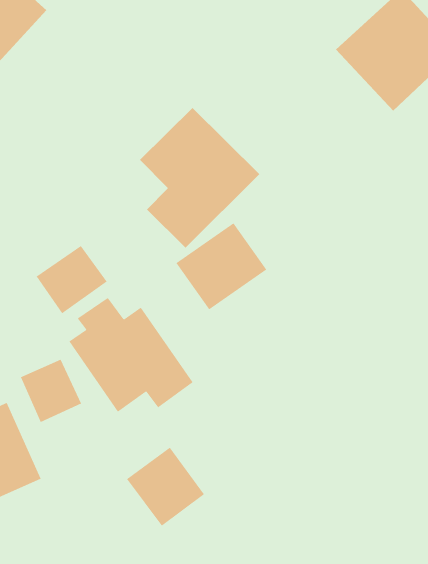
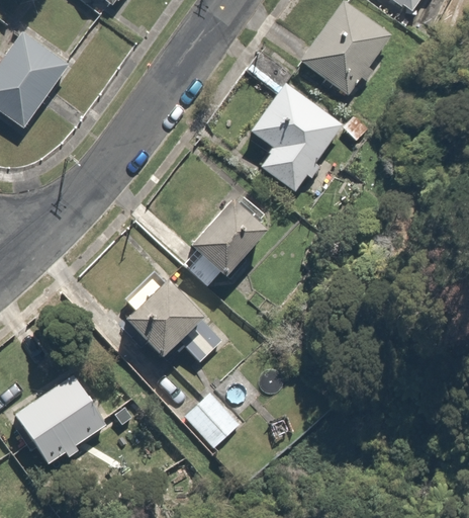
building: [139,107,260,248] -> [248,79,345,191]
building: [36,245,108,314] -> none
building: [20,359,82,423] -> none

